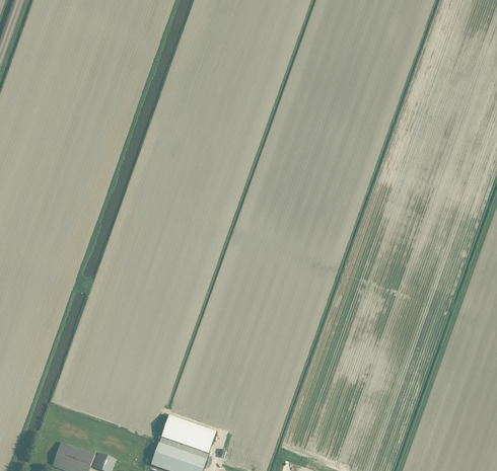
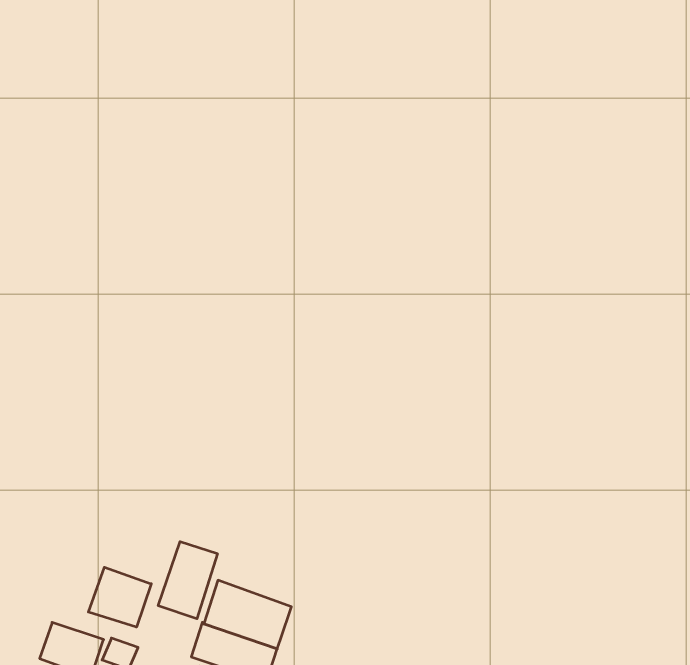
building: none -> [158,542,217,619]
building: none -> [88,567,151,627]

